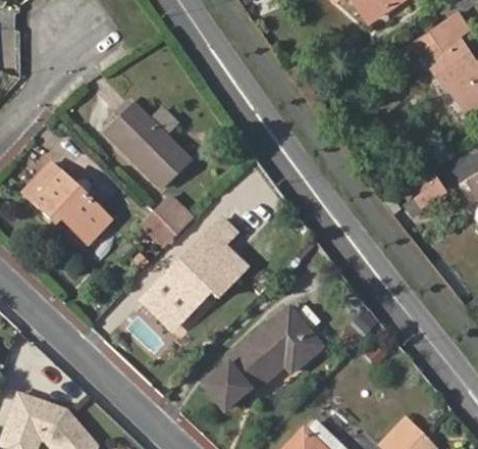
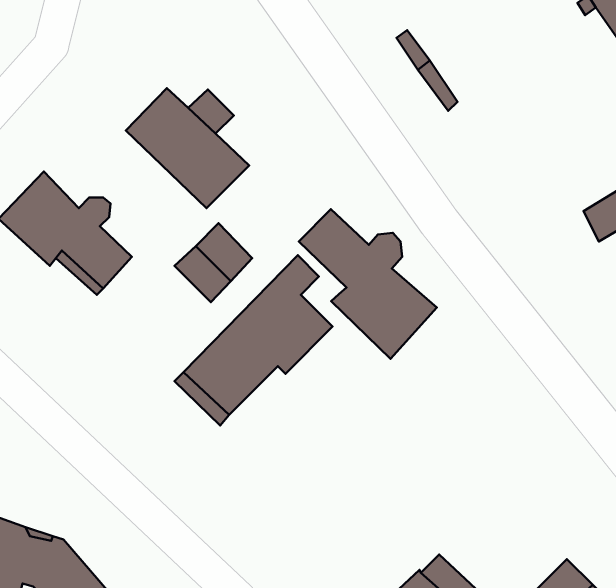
building: none -> [299,209,437,359]
building: [206,307,321,410] -> none

